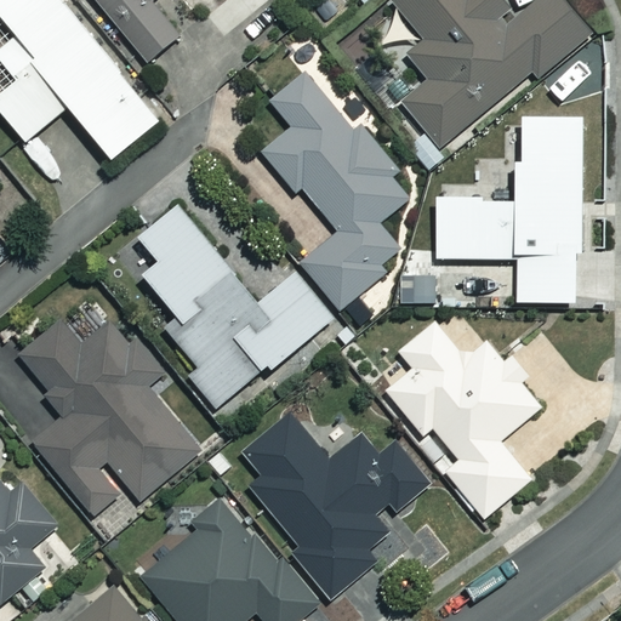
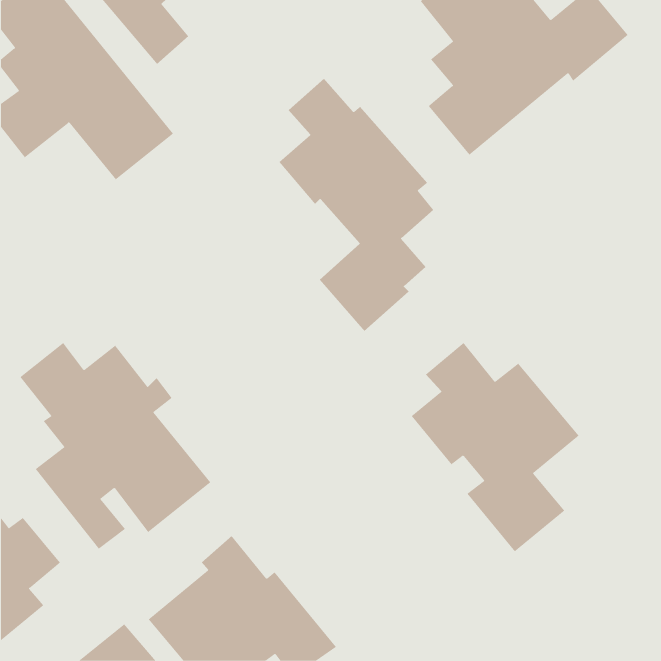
building: [435,114,581,303] -> none
building: [137,204,335,405] -> none
building: [244,415,429,599] -> none

